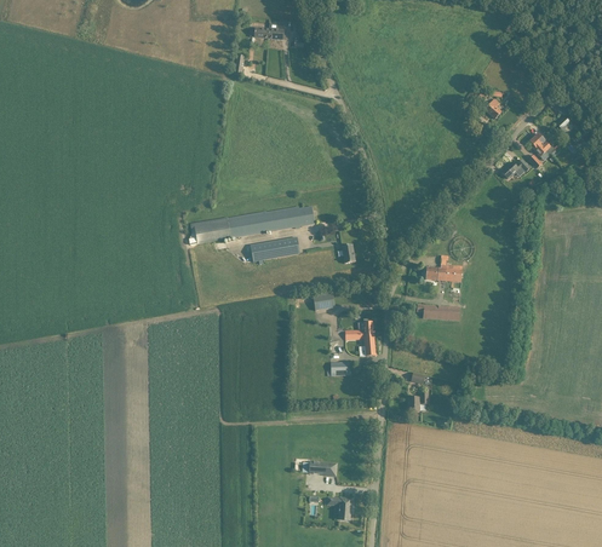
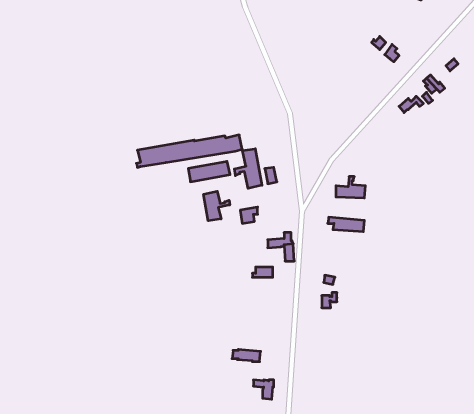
building: none -> [234,149,262,188]
building: none -> [204,191,230,221]

